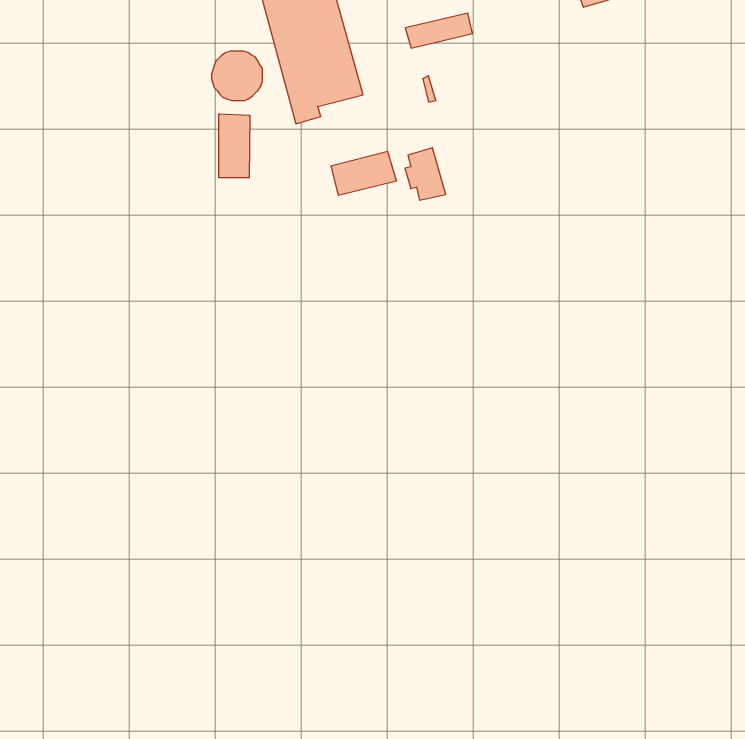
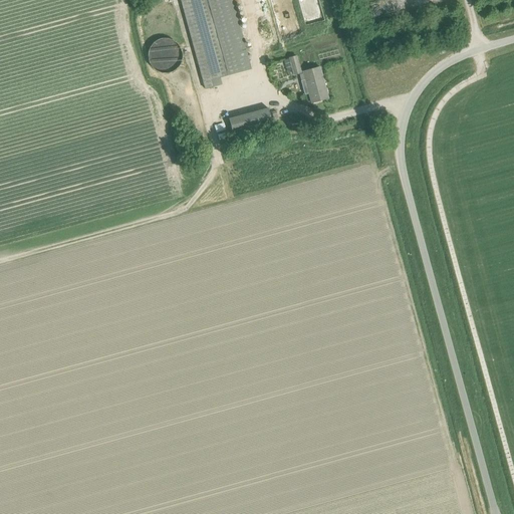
building: [219,114,250,178] -> none
building: [405,148,446,200] -> [300,63,328,99]

